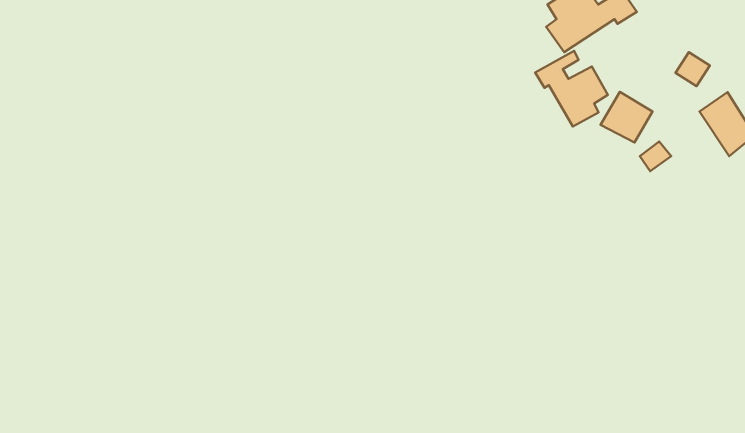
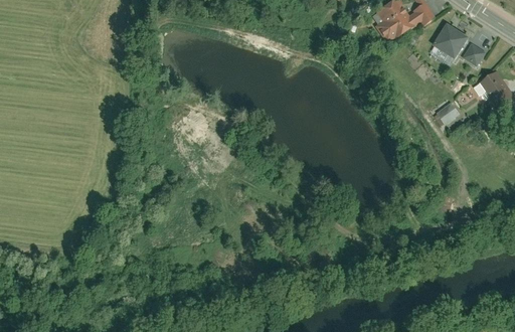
building: [535,51,608,127] -> none
building: [600,92,653,143] -> [434,24,469,58]

